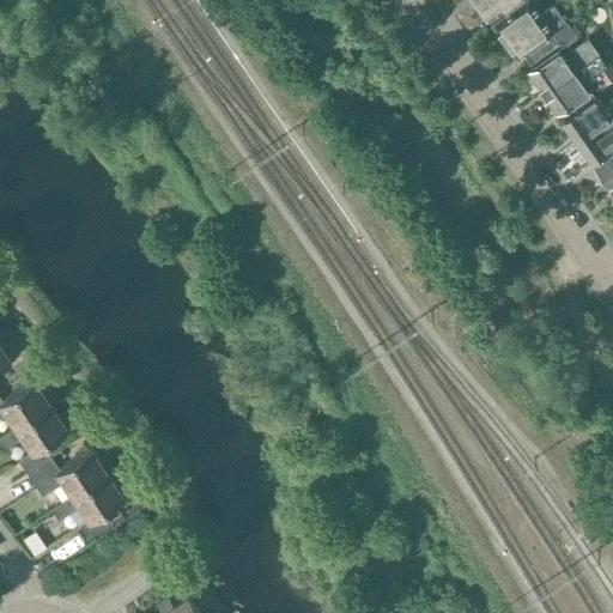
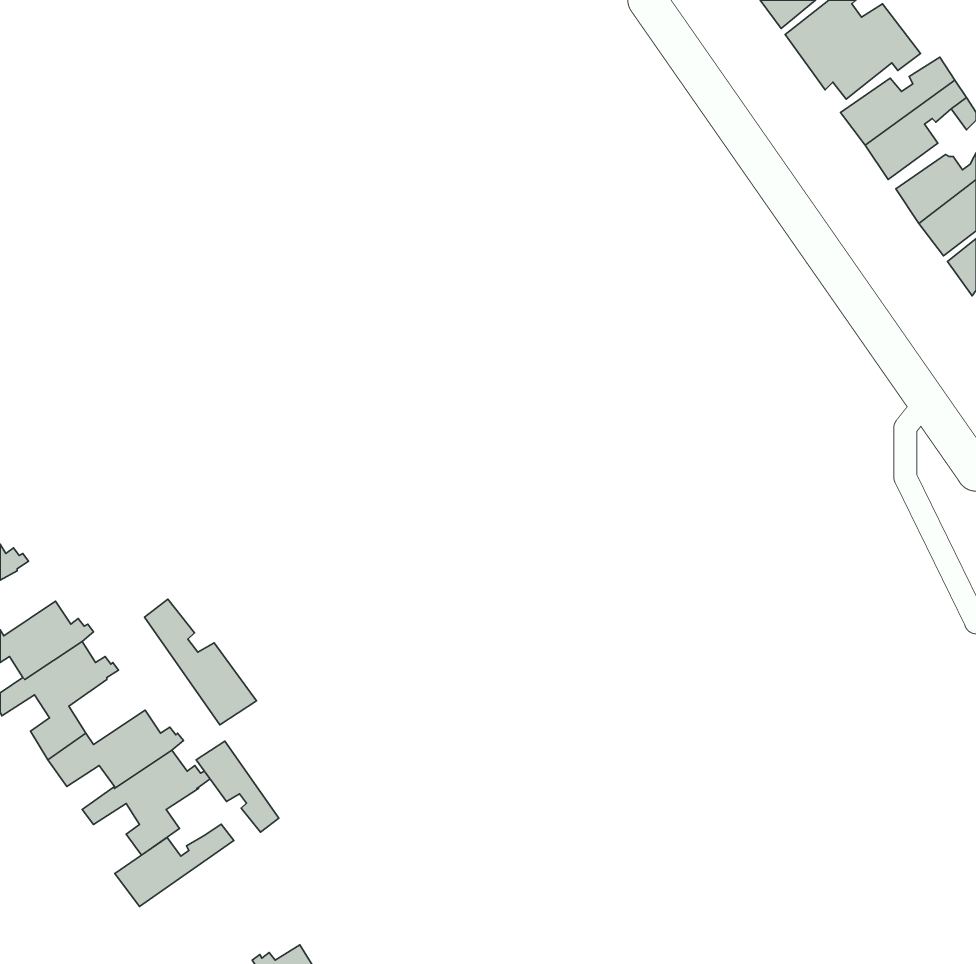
building: none -> [144,599,256,725]
building: none -> [196,741,279,832]
building: none -> [115,824,234,906]

